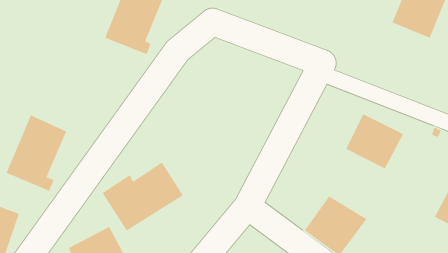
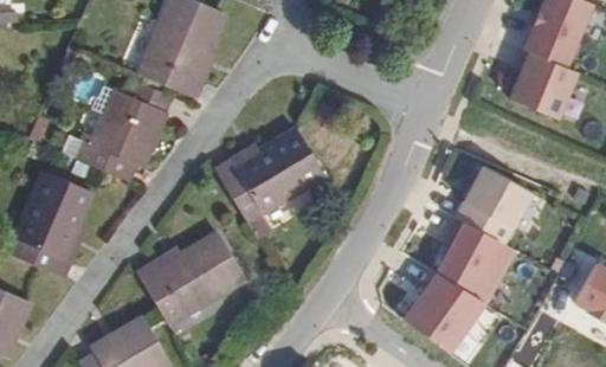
building: none -> [505,47,580,120]
building: none -> [77,90,166,181]
building: none -> [215,127,324,220]
building: none -> [439,224,501,294]

